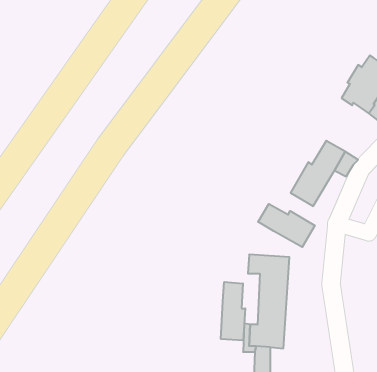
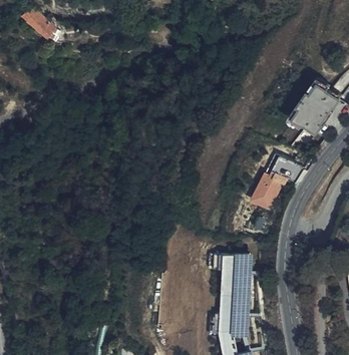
building: [258,204,315,247] -> none
building: [221,282,245,341] -> none

